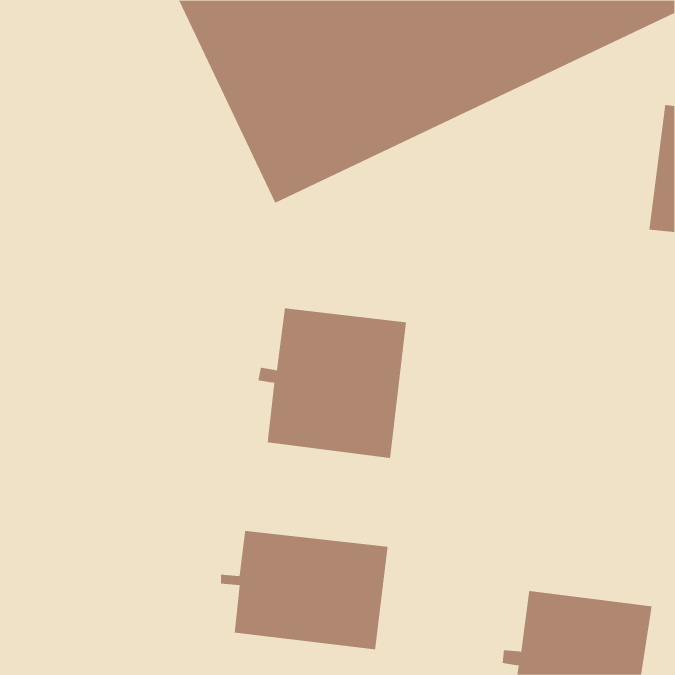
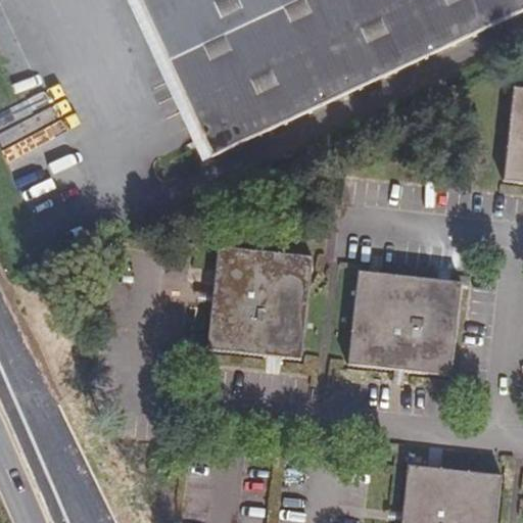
building: none -> [348,264,464,379]
building: [221,530,388,650] -> none

